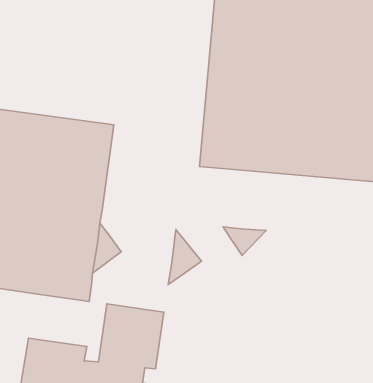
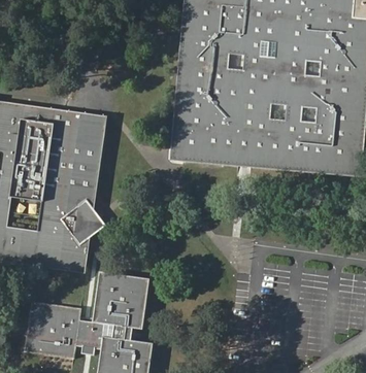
building: [223,227,266,256] -> none
building: [168,230,202,284] -> none

